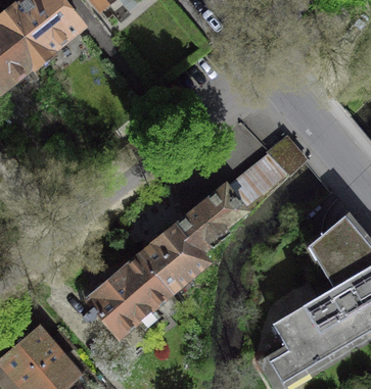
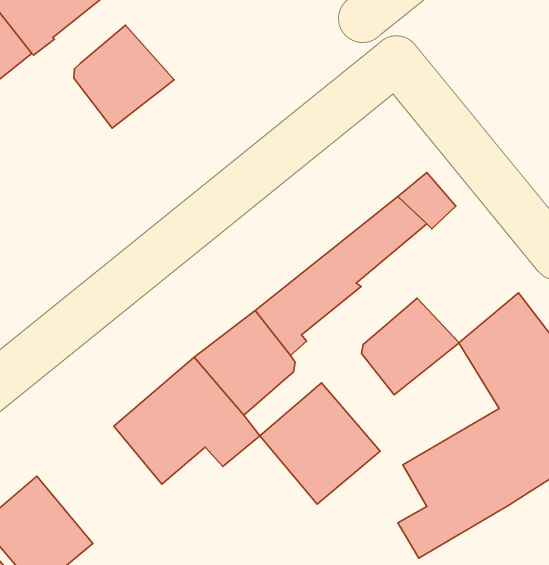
building: none -> [74,25,174,128]
building: none -> [362,298,459,395]
building: none -> [260,383,380,504]

